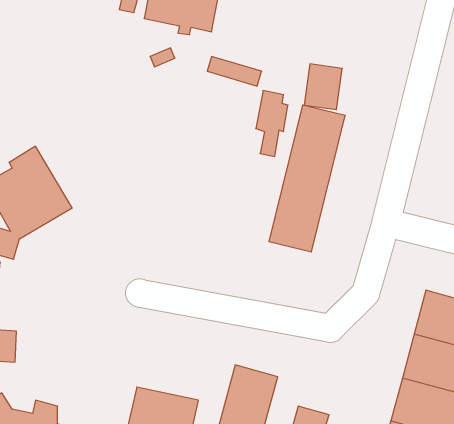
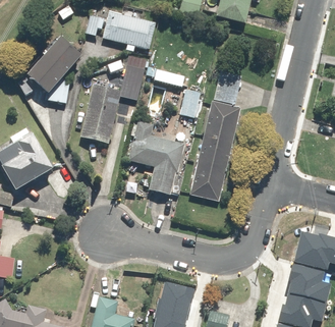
building: none -> [25,38,82,103]
building: none -> [81,55,146,143]
building: none -> [128,122,185,195]

